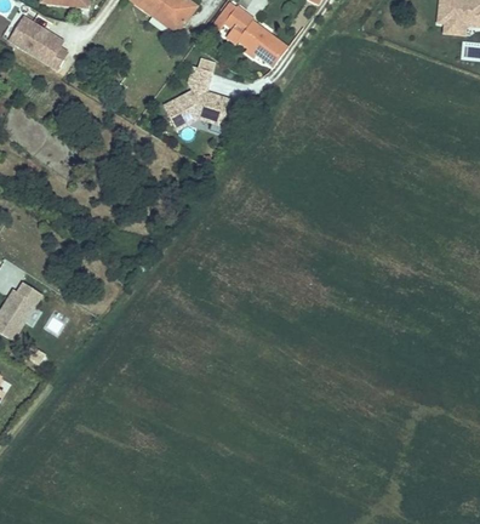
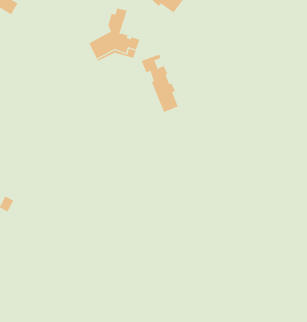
building: none -> [141,54,179,113]

